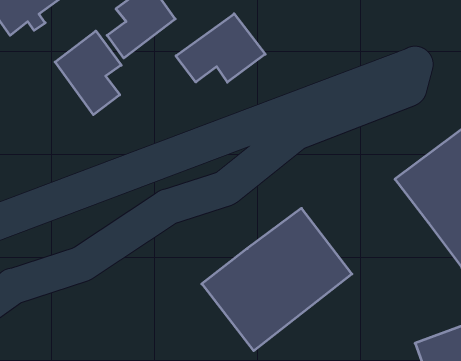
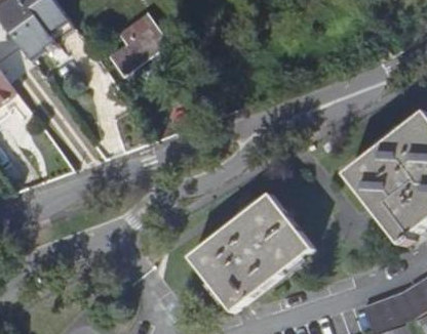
building: [176,14,265,82] -> none
building: [55,31,121,115] -> none

